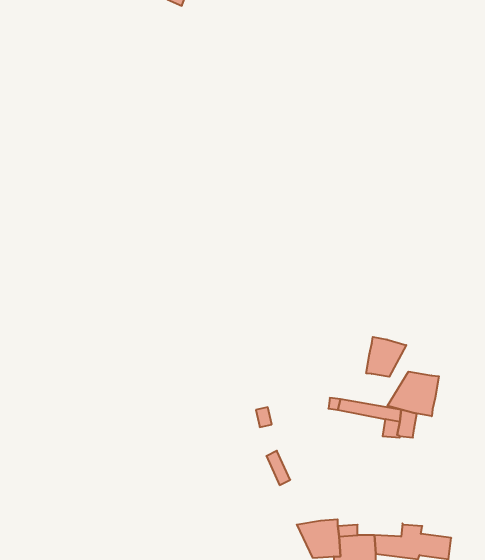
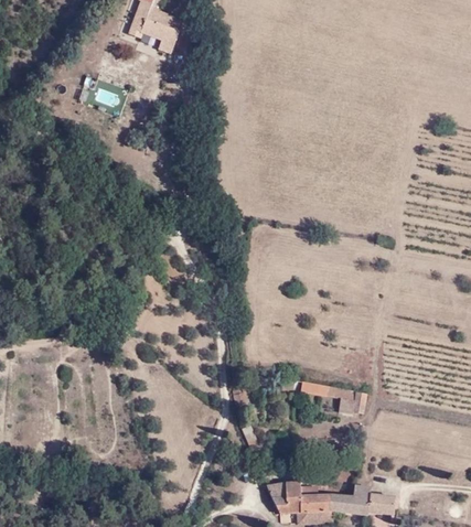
building: [366,337,406,377] -> none
building: [387,372,439,416] -> none

